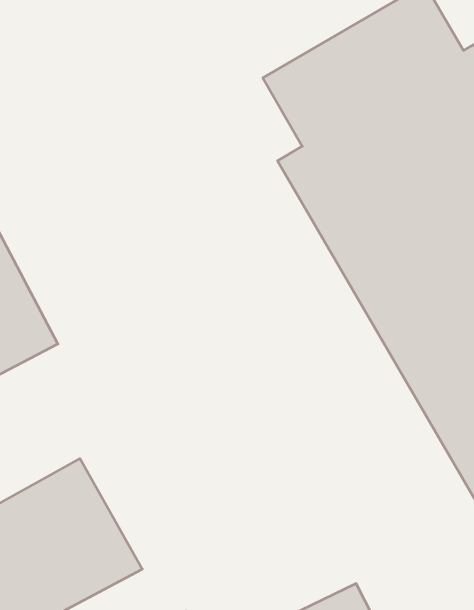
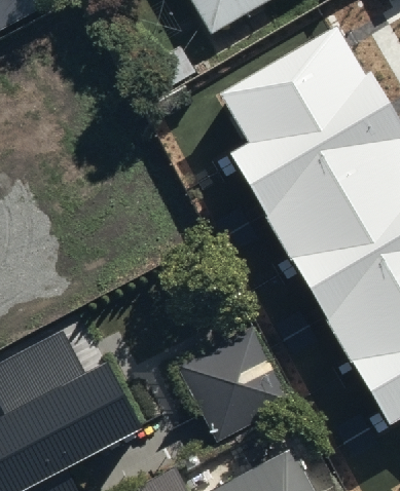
building: none -> [176,326,292,443]

